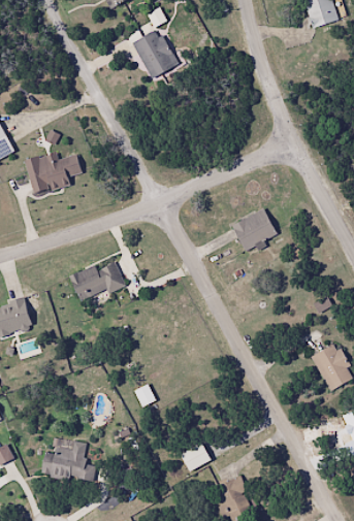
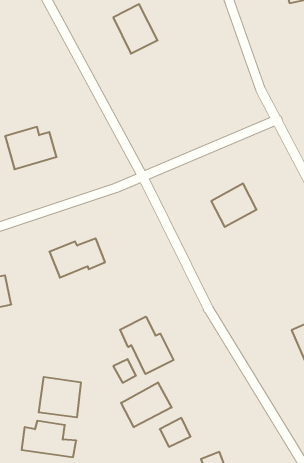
building: none -> [120,317,174,374]
building: none -> [39,377,81,417]
building: none -> [121,382,172,427]

